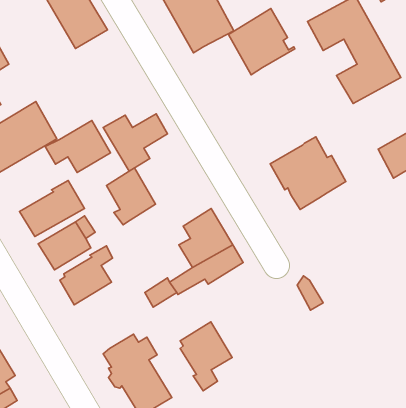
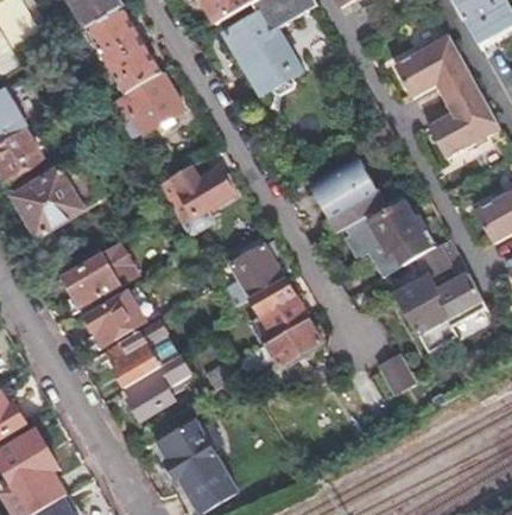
building: [228,8,295,75] -> [309,158,385,234]
building: [45,121,110,173] -> [108,72,183,132]
building: [107,168,155,225] -> [225,235,280,300]
building: none -> [392,237,489,357]
building: none -> [124,355,188,419]
building: [180,322,232,391] -> none

